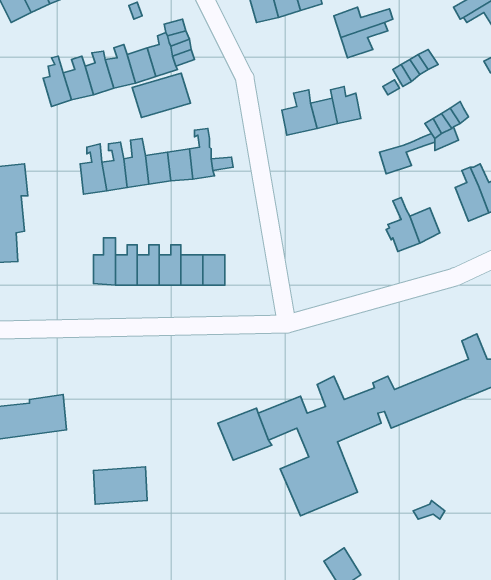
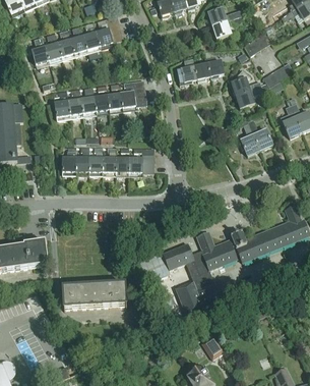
building: [132,73,190,117] -> none
building: none -> [230,67,261,95]
building: none -> [94,283,126,306]

